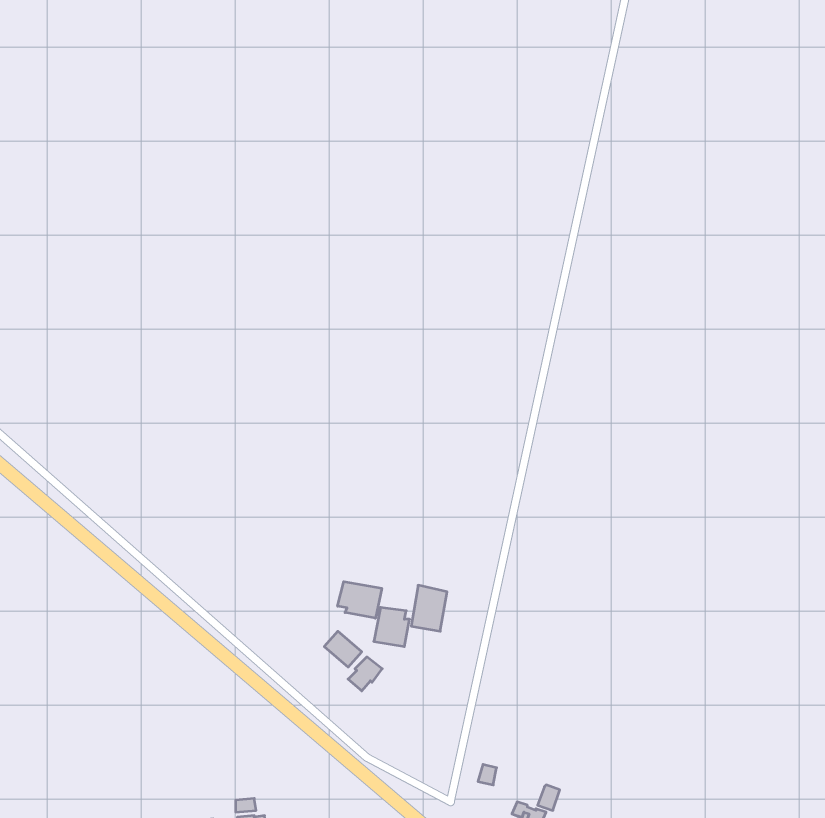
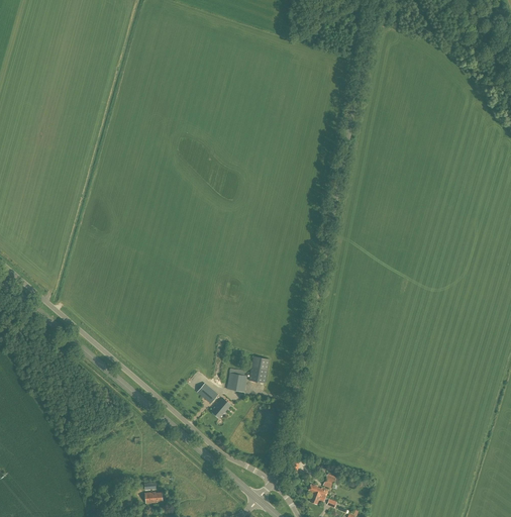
building: [338,582,382,618] -> none

